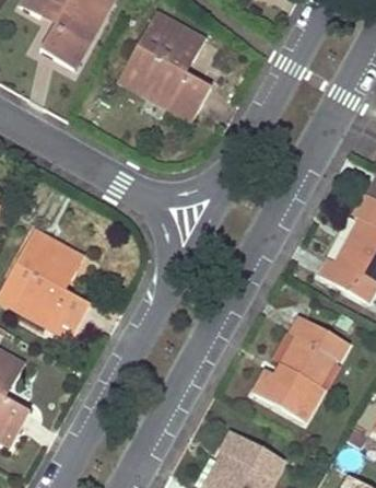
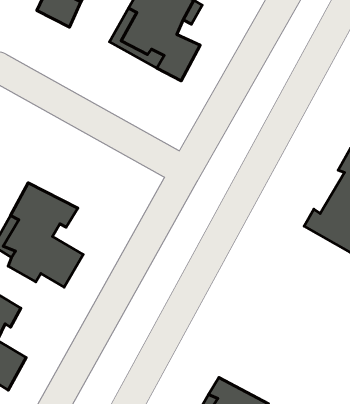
building: [254,314,350,419] -> none

